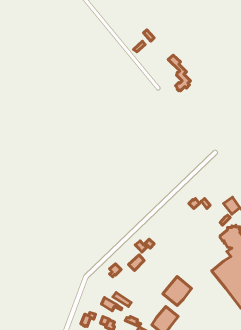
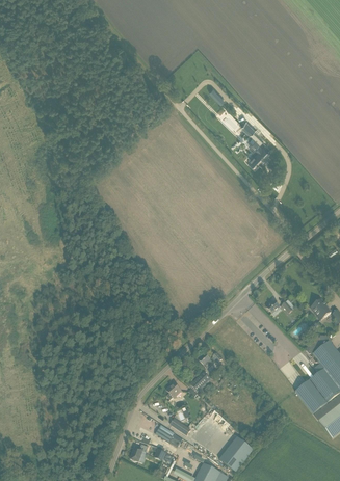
building: [163,277,192,306] -> none

